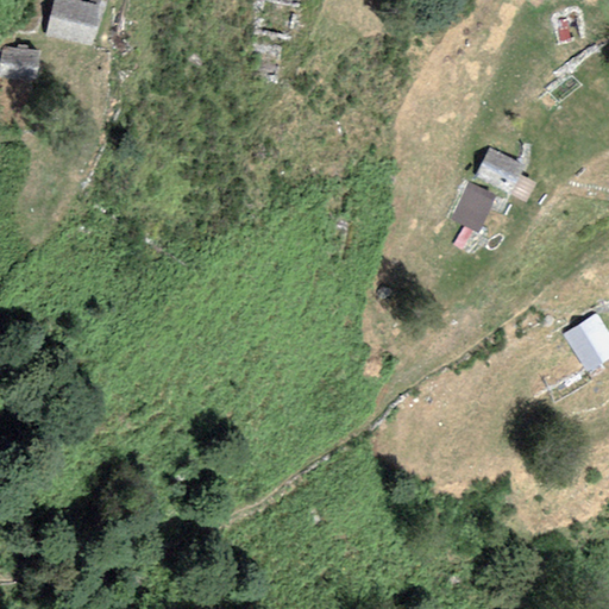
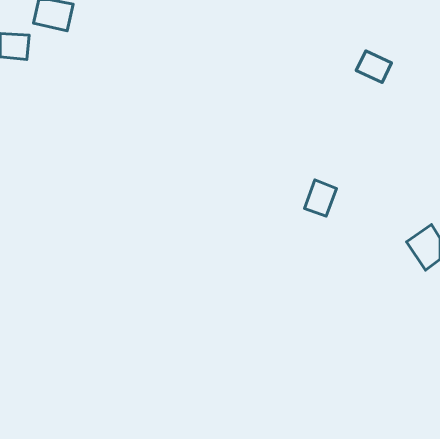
building: [476,147,525,192] -> [356,51,392,83]
building: [451,181,495,231] -> [305,180,336,216]

